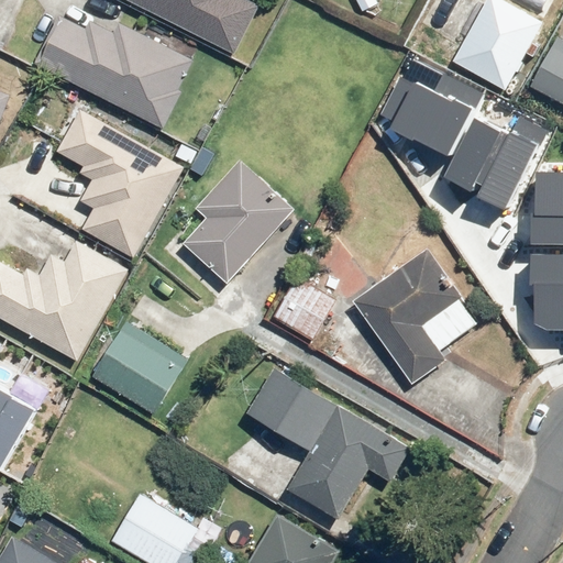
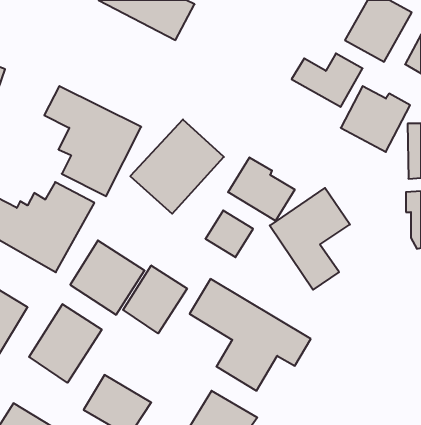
building: [33,10,191,130] -> none
building: none -> [228,157,295,221]
building: none -> [123,265,187,333]
building: none -> [29,304,102,383]

